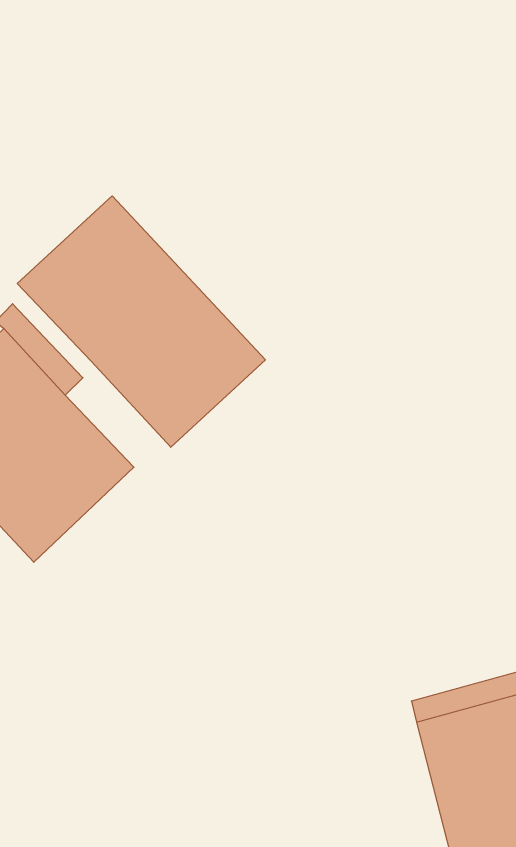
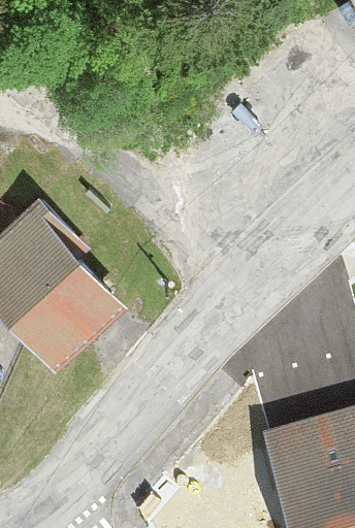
building: [17,196,265,447] -> none

